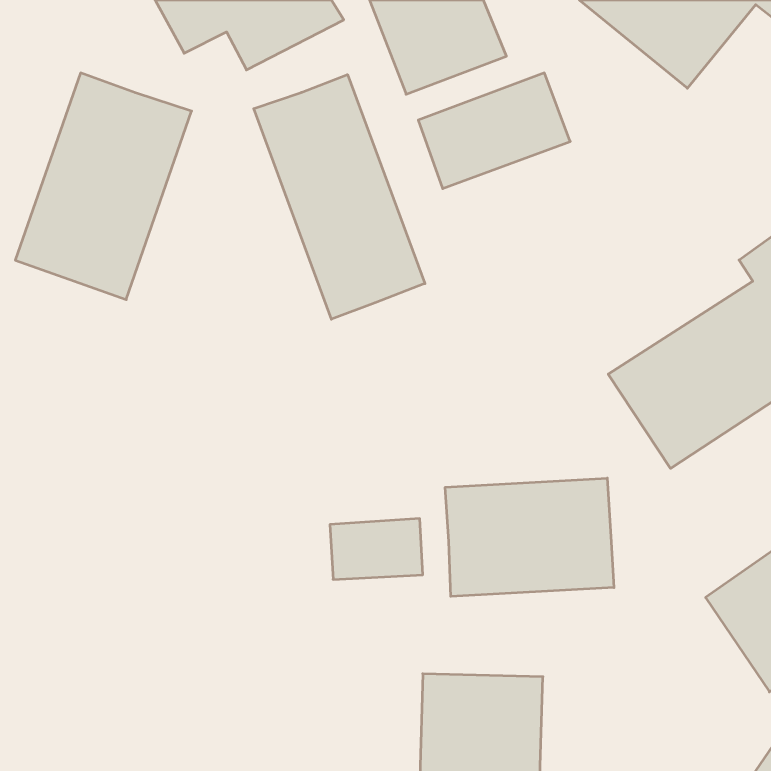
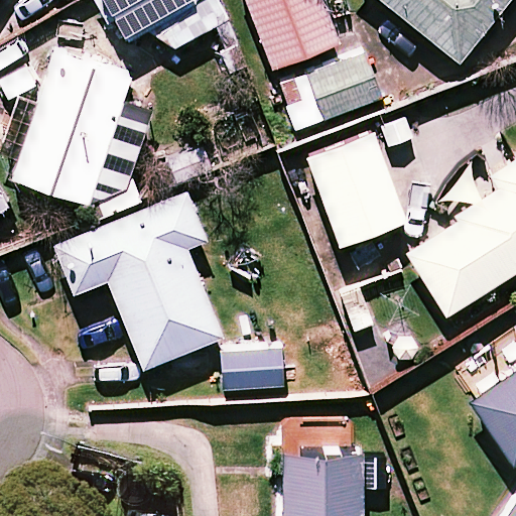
building: [254,75,425,319] -> none
building: none -> [295,132,405,249]
building: none -> [55,191,224,367]
building: [445,478,614,596] -> none

